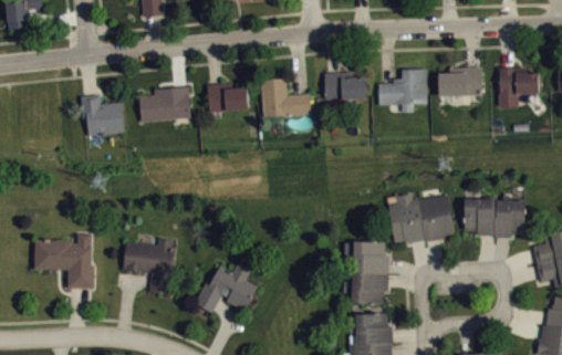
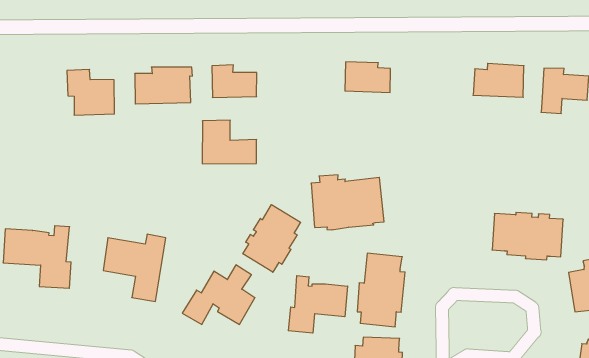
building: [378,70,427,113] -> none
building: [261,77,311,117] -> [202,120,257,164]
building: [388,195,455,243] -> [311,175,384,230]
building: none -> [243,205,301,272]
building: none -> [288,276,348,333]

